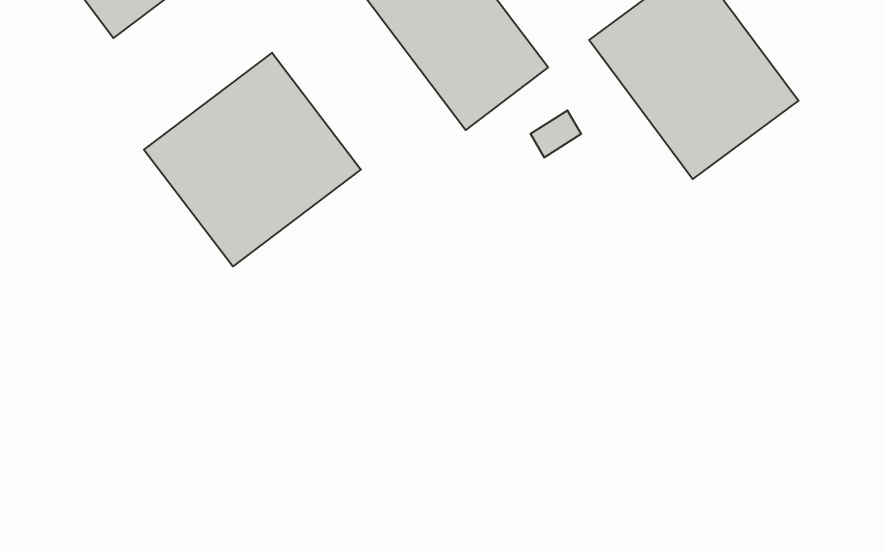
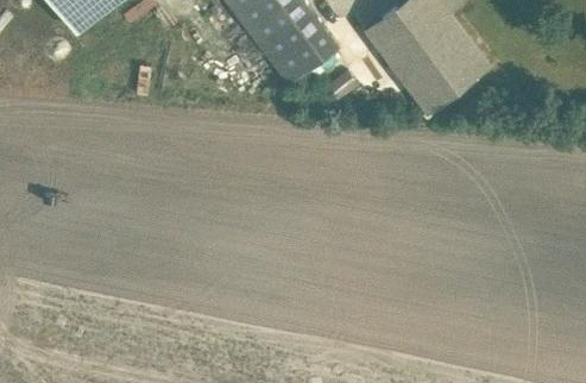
building: [144,53,361,266] -> none

